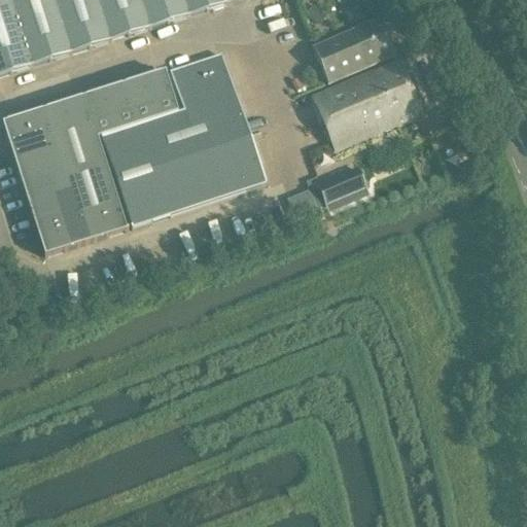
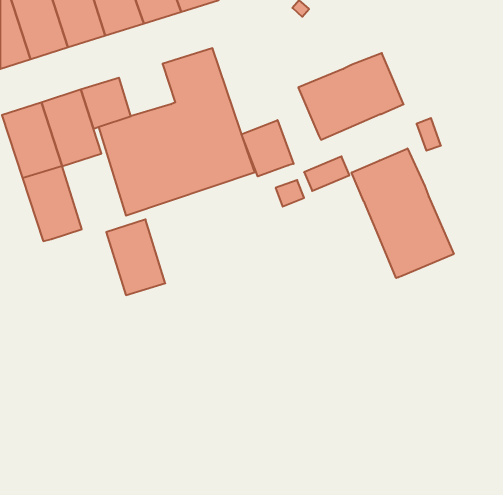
building: [313,13,396,78] -> none
building: [125,68,179,121] -> none
building: none -> [242,120,294,176]
building: none -> [352,148,454,278]
building: [65,161,127,240] -> [106,219,165,295]

